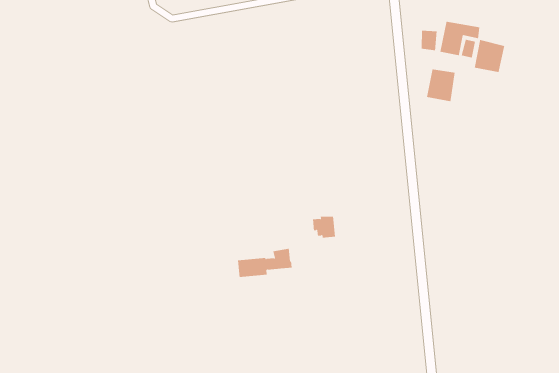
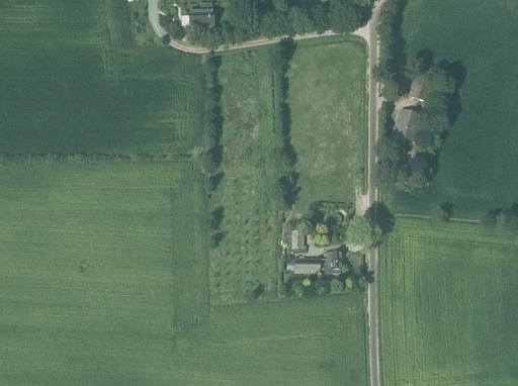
building: [474,39,505,73] -> none
building: [237,248,293,277] -> [294,252,342,273]

